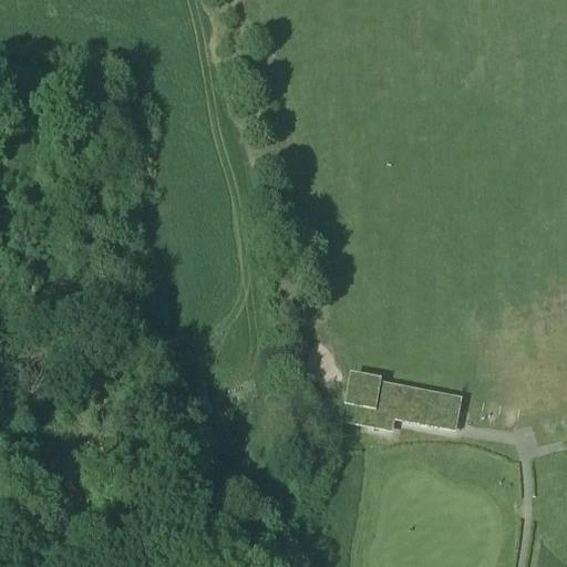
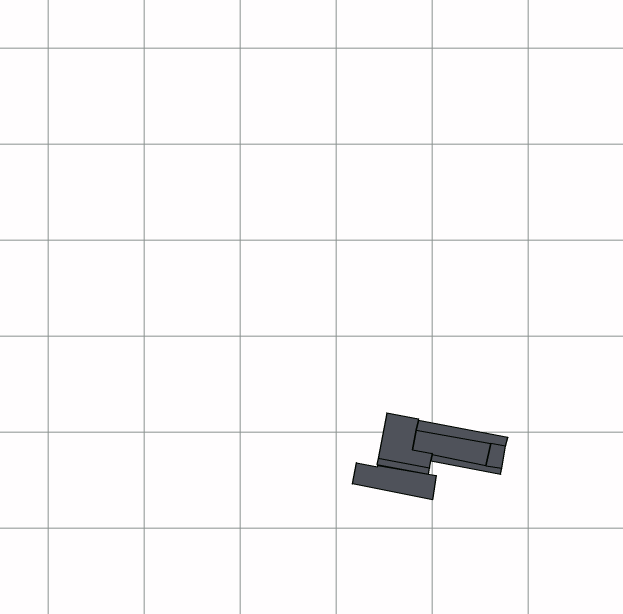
building: none -> [352,463,436,500]

